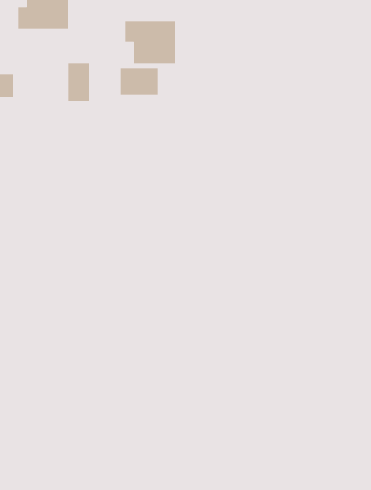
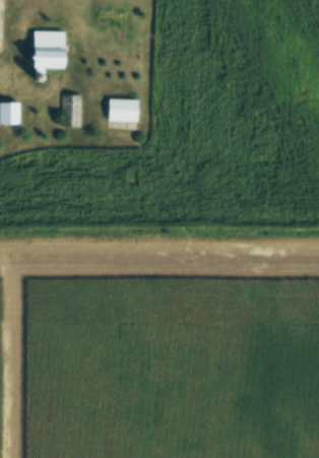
building: [125,21,175,64] -> none

